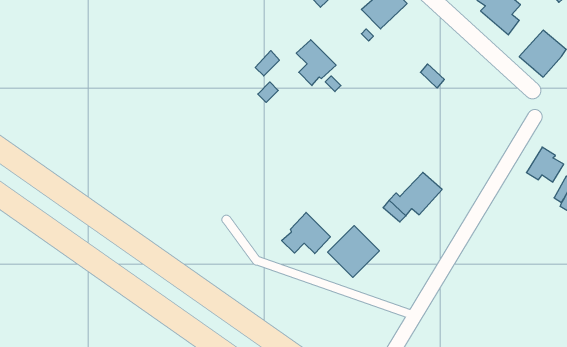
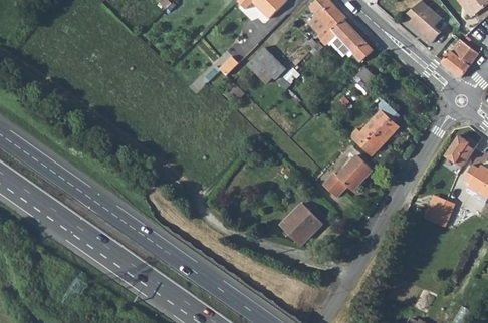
building: none -> [320,19,372,60]
building: none -> [351,109,400,155]
building: [282,212,330,254] -> none
building: none -> [424,196,454,227]

